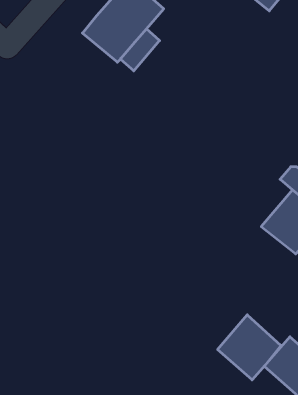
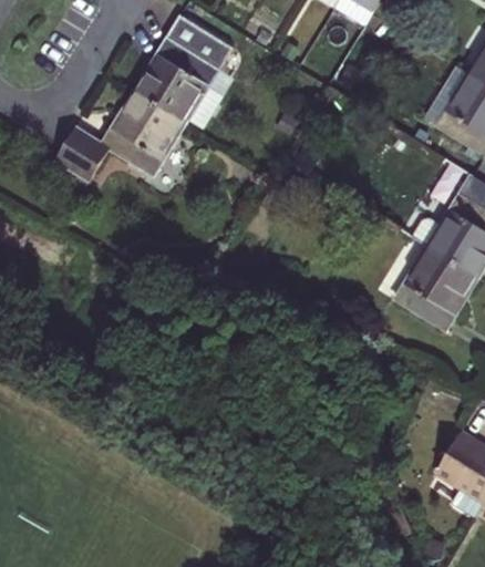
building: none -> [53,89,186,178]
building: [218,315,281,380] -> none

